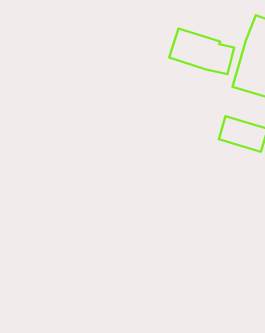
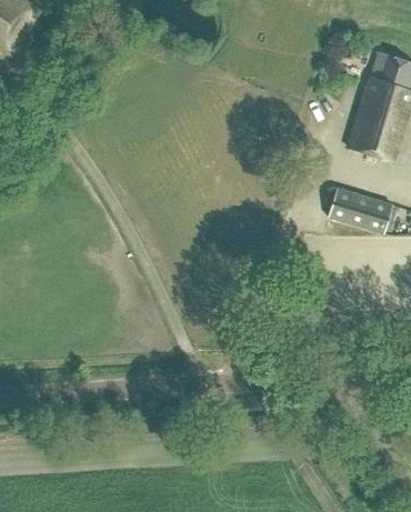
building: [169,29,234,74] -> none

